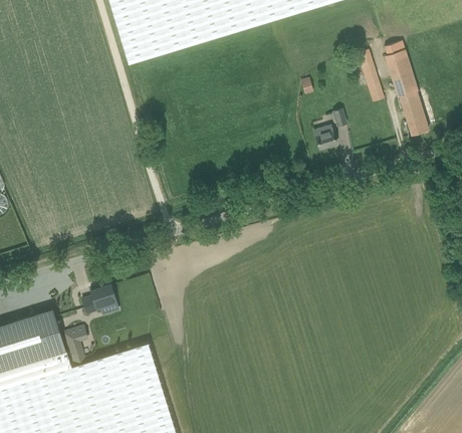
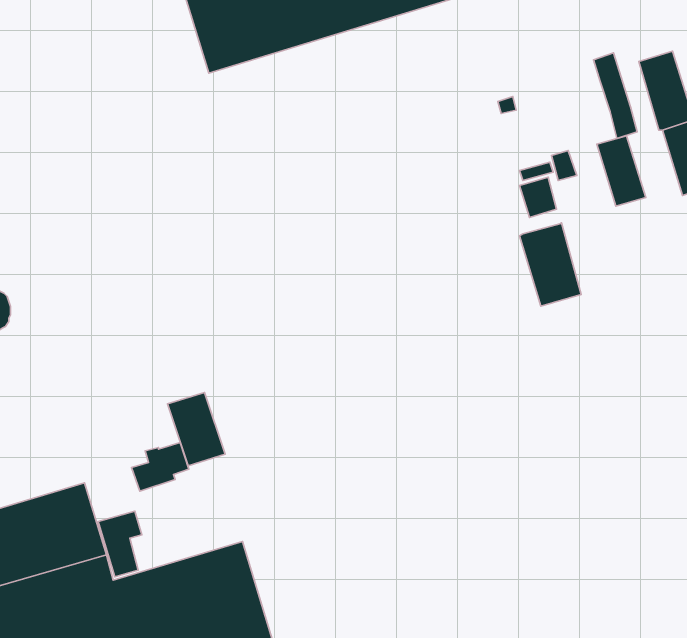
building: none -> [597,136,646,206]
building: none -> [519,223,581,306]
building: none -> [167,392,225,466]

